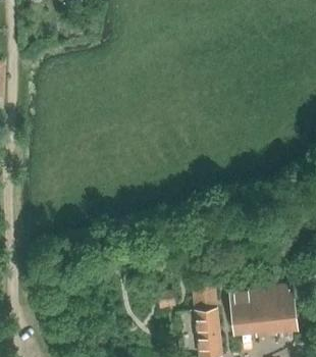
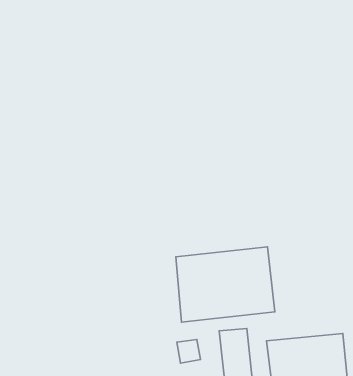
building: none -> [176,247,275,322]

